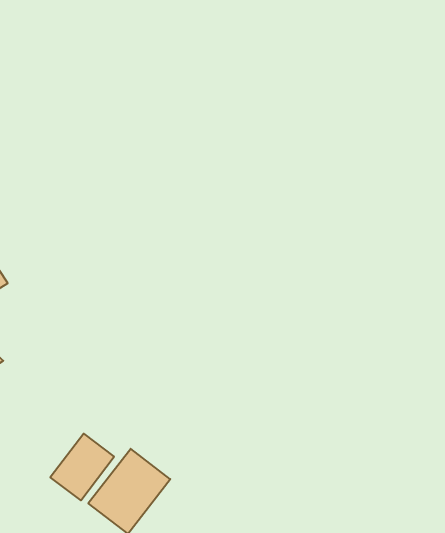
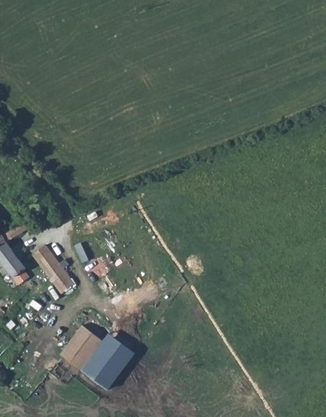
building: none -> [30,245,73,294]

